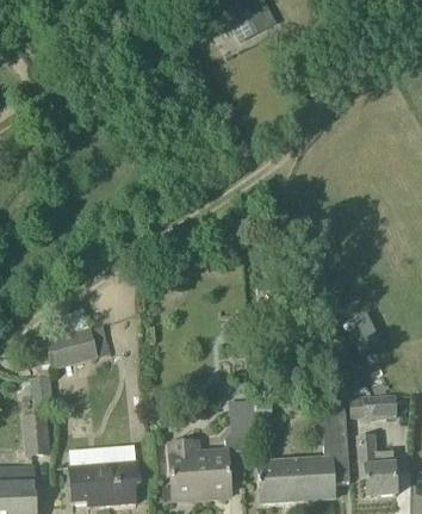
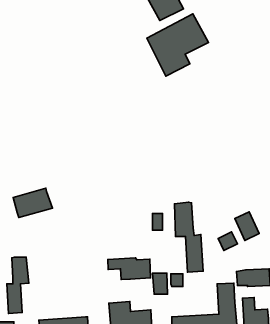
building: none -> [147,14,208,76]
building: none -> [175,202,203,272]
building: [44,326,100,367] -> [13,188,53,217]
building: none -> [108,258,151,280]

